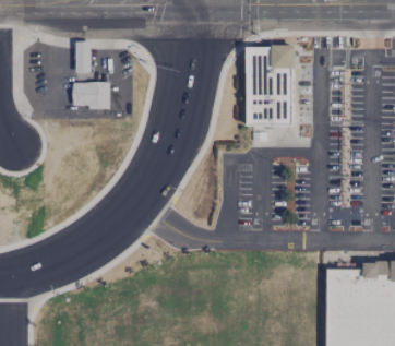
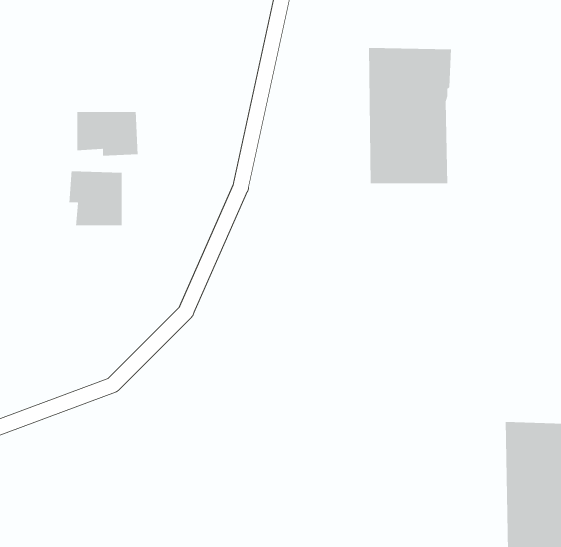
building: none -> [69,170,122,226]

